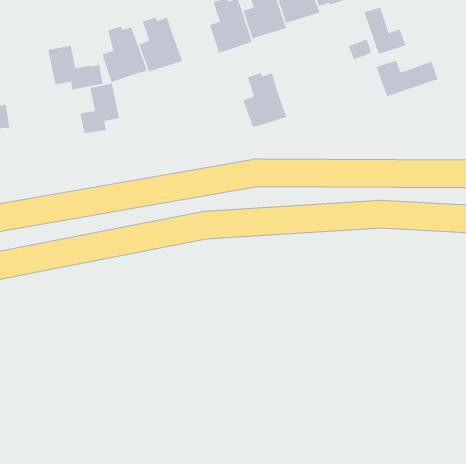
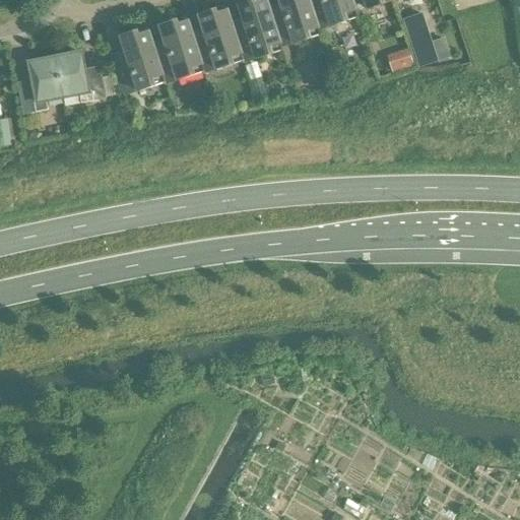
building: [375,60,439,97] -> none
building: [242,72,287,129] -> [192,7,242,70]
building: [79,83,120,134] -> [16,55,61,112]

